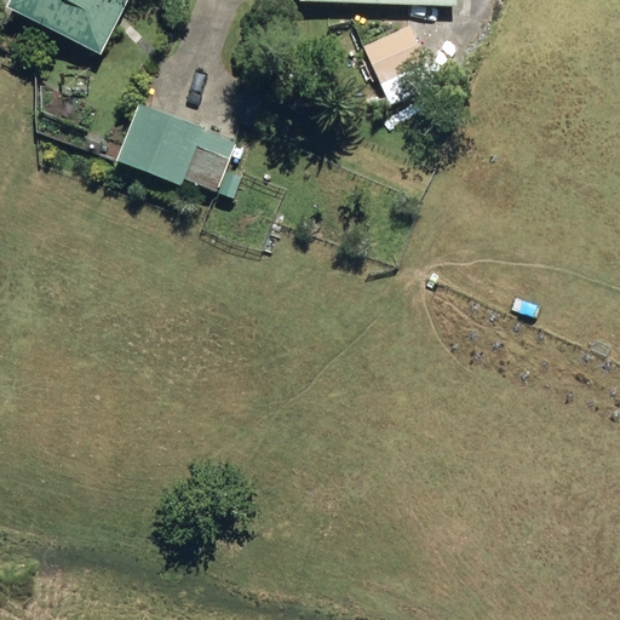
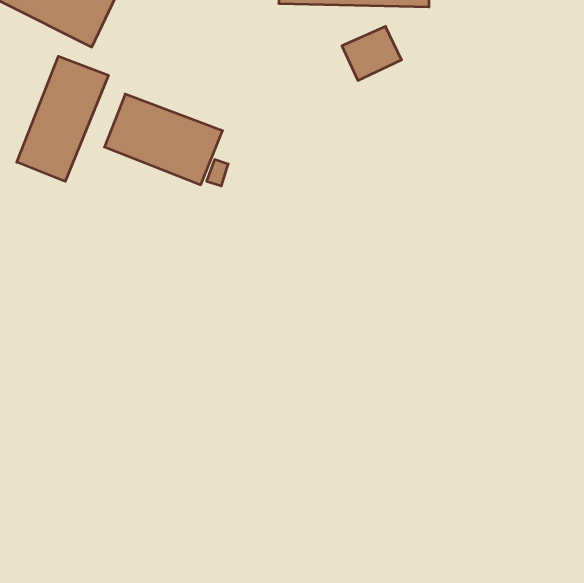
building: none -> [17,56,108,181]

